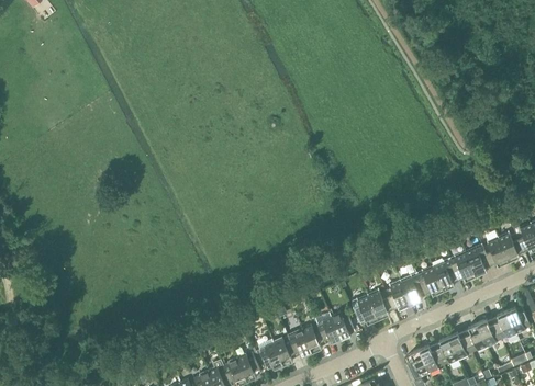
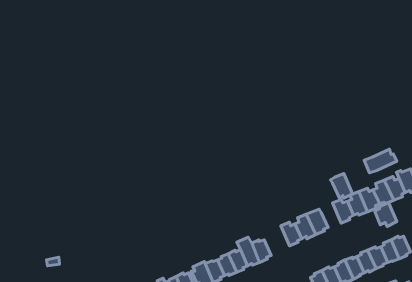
building: none -> [364,149,397,173]
building: none -> [375,202,397,226]
building: [416,264,444,295] -> [331,174,353,198]
building: [352,293,379,323] -> none

